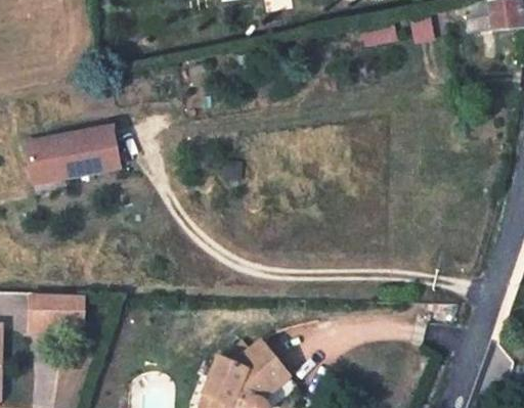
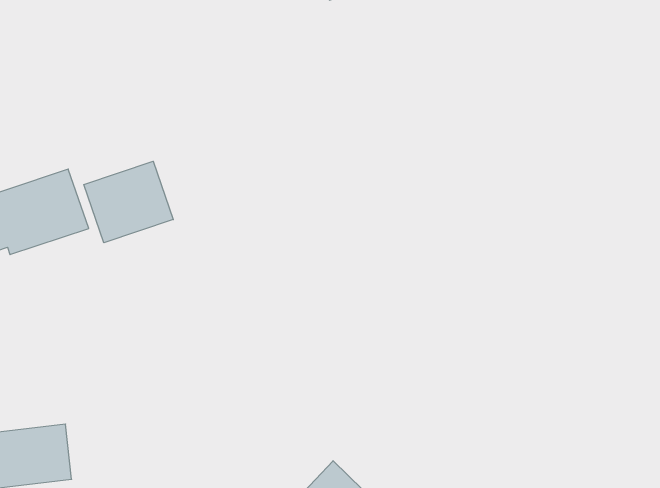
building: none -> [84,161,173,243]

